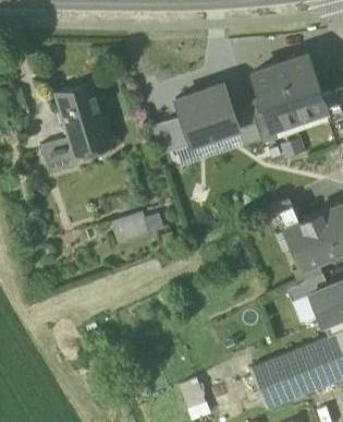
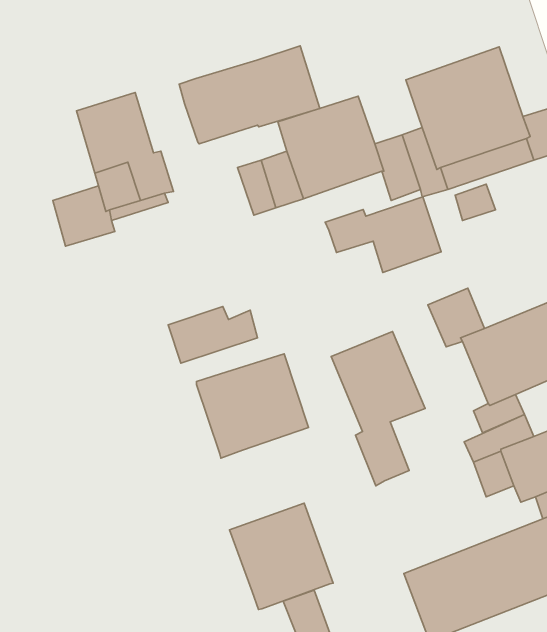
building: none -> [179,46,320,144]
building: none -> [325,197,441,273]
building: none -> [331,331,425,486]
building: none -> [196,354,309,458]
building: none -> [229,503,333,610]

